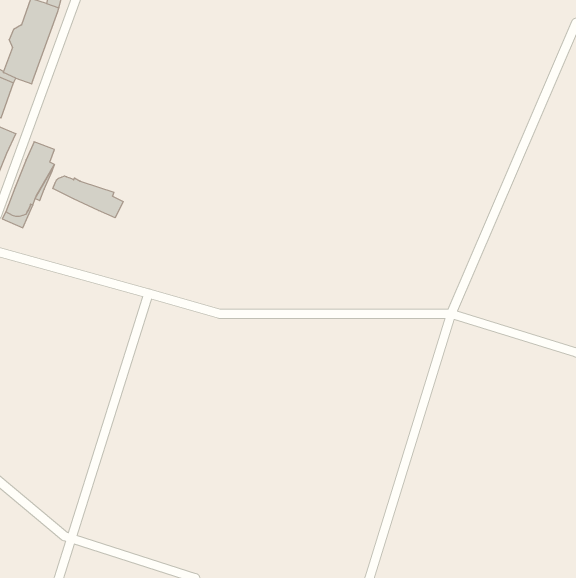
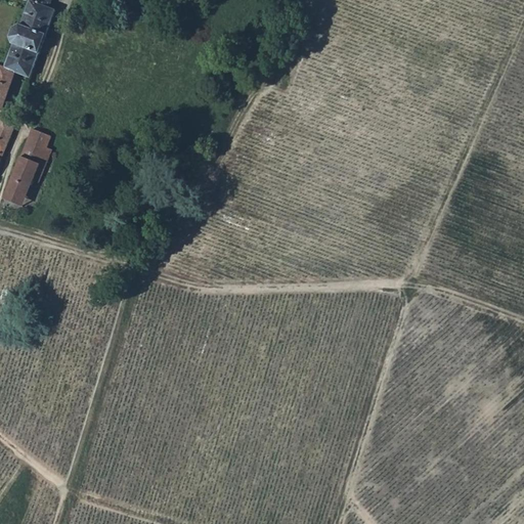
building: [53,176,123,218] -> none

